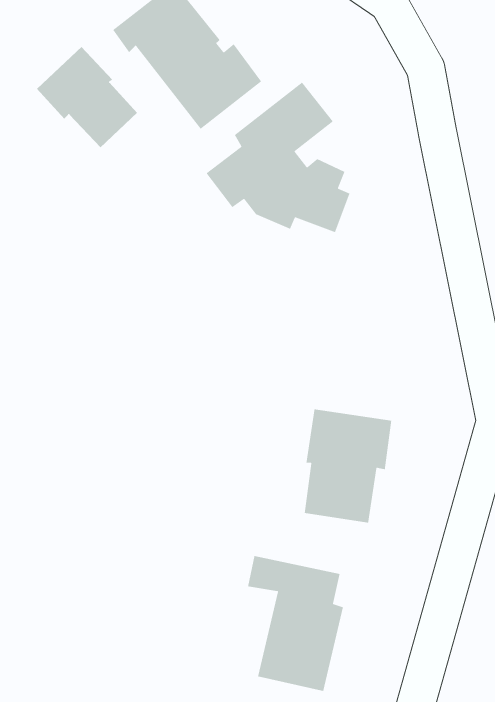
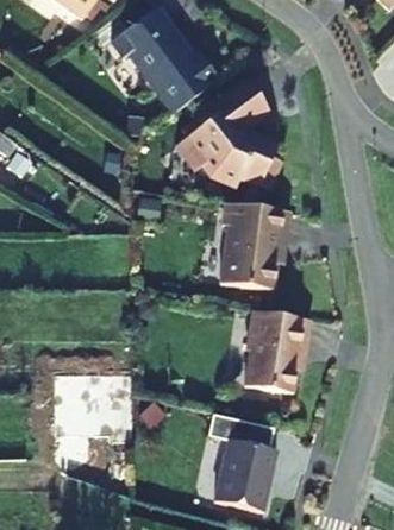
building: [36,46,138,148] -> none
building: none -> [223,202,293,290]

